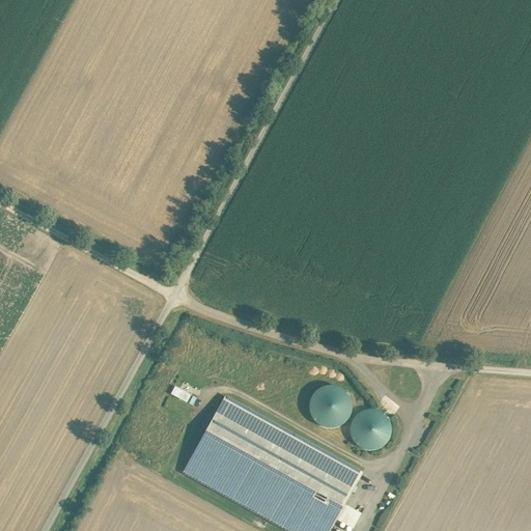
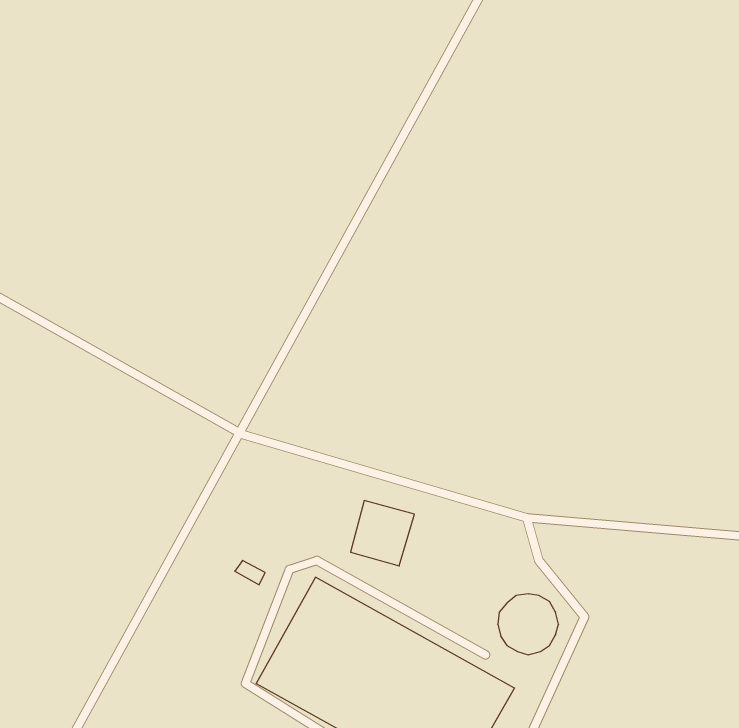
building: [306,385,350,429] -> [351,501,414,566]

